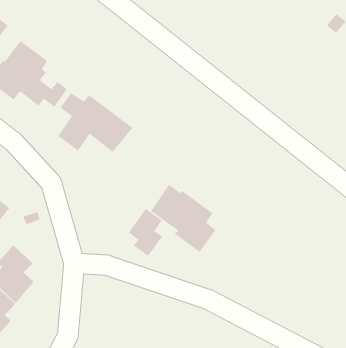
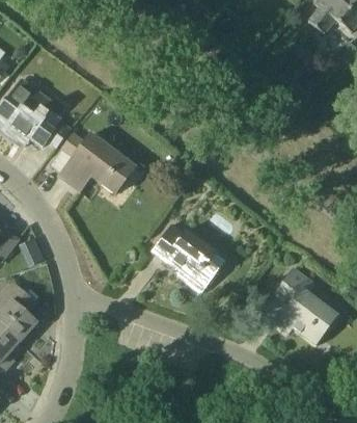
building: [128,208,163,257] -> none
building: none -> [275,266,338,344]

